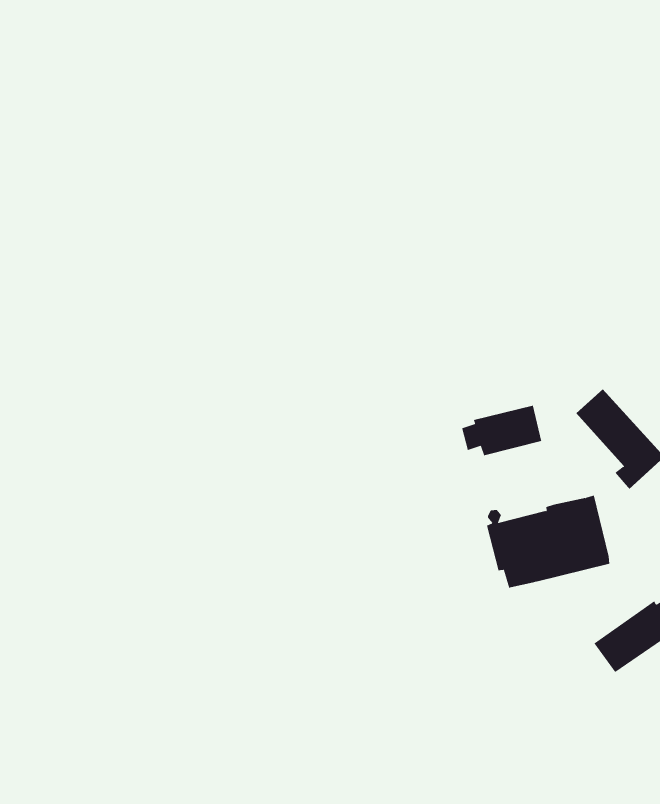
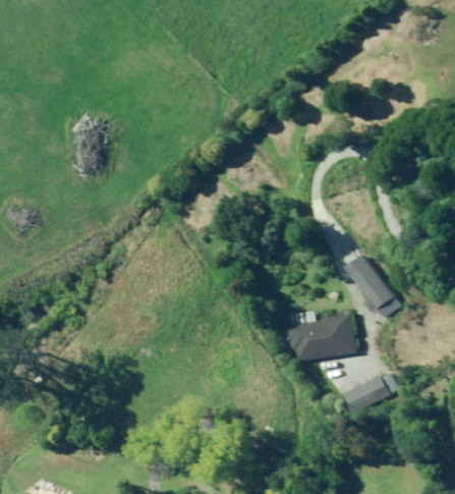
building: [461,405,542,456] -> none

